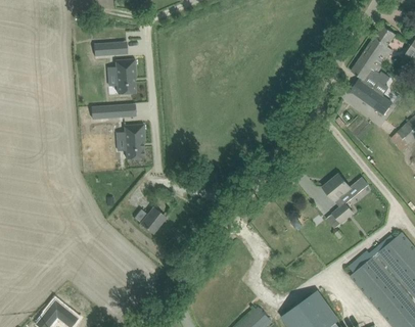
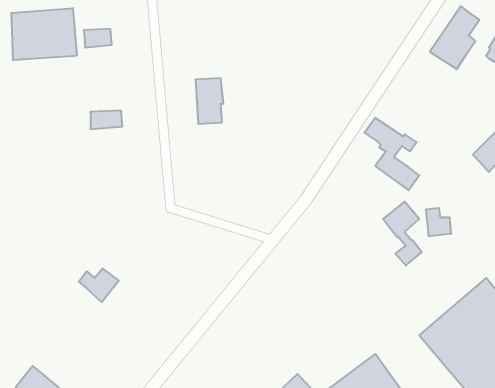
building: none -> [11,8,77,60]
building: [114,59,136,94] -> [195,78,223,124]
building: [350,59,391,114] -> [364,118,419,190]
building: [124,124,144,158] -> none
building: [134,207,165,233] -> [79,269,119,302]

